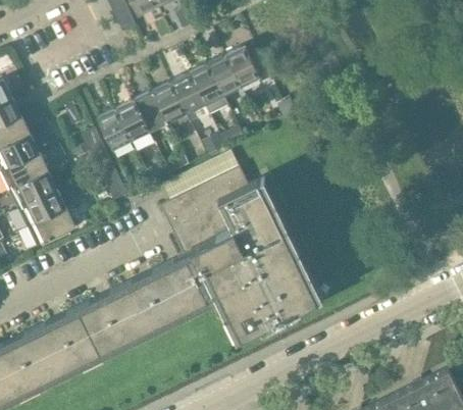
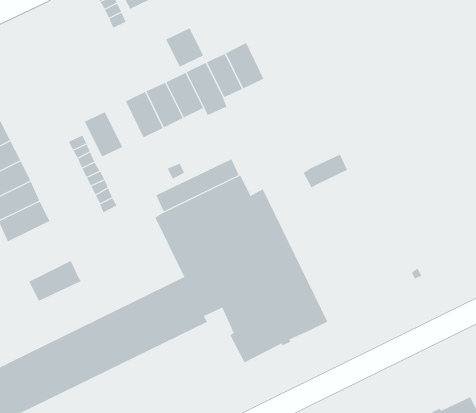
building: none -> [166,27,204,68]
building: [116,100,151,142] -> none
building: none -> [303,154,348,188]
building: [28,209,75,247] -> [28,260,81,301]

